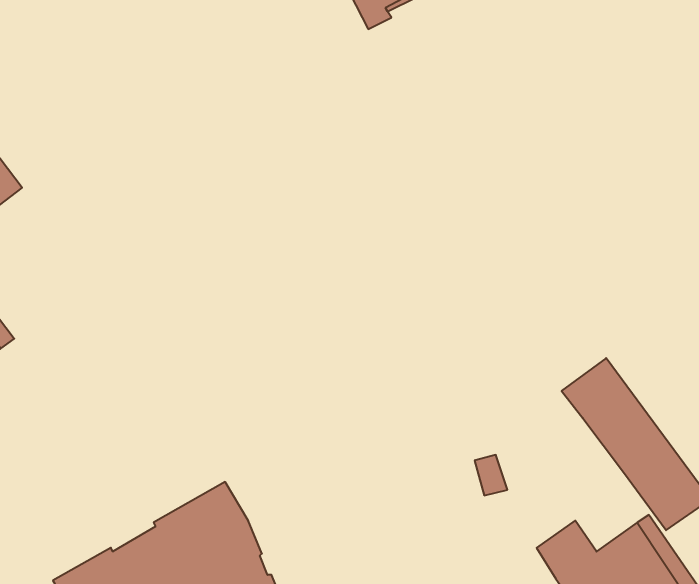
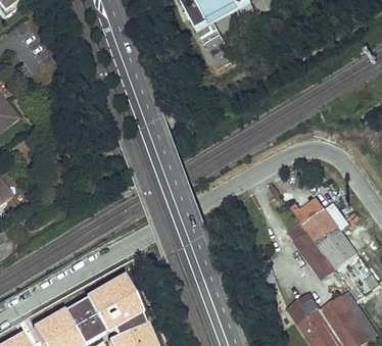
building: none -> [292,194,325,225]
building: none -> [300,239,334,277]

